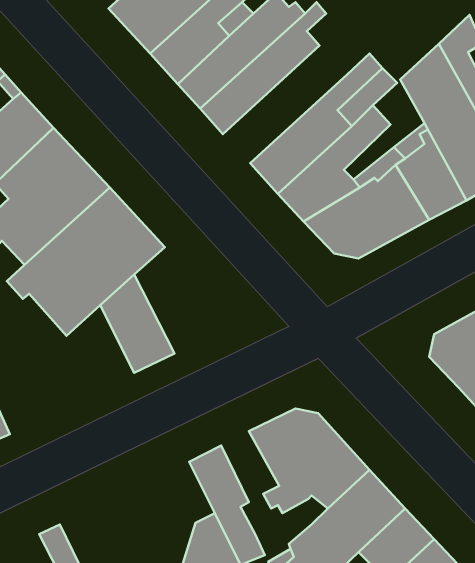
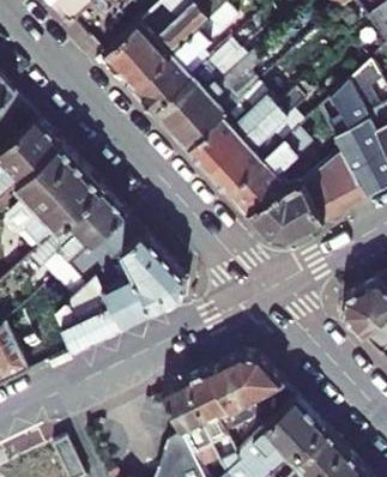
building: none -> [188,83,280,170]
building: none -> [122,233,185,312]
building: none -> [56,276,122,350]
building: none -> [187,369,230,446]

